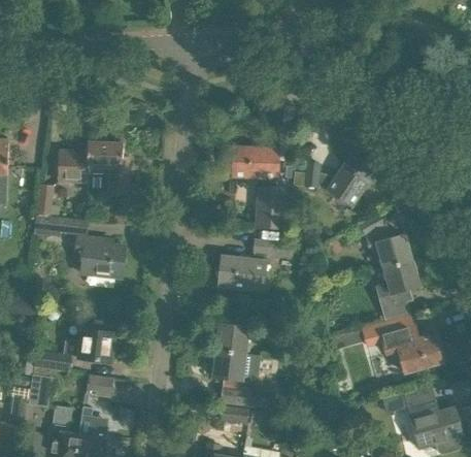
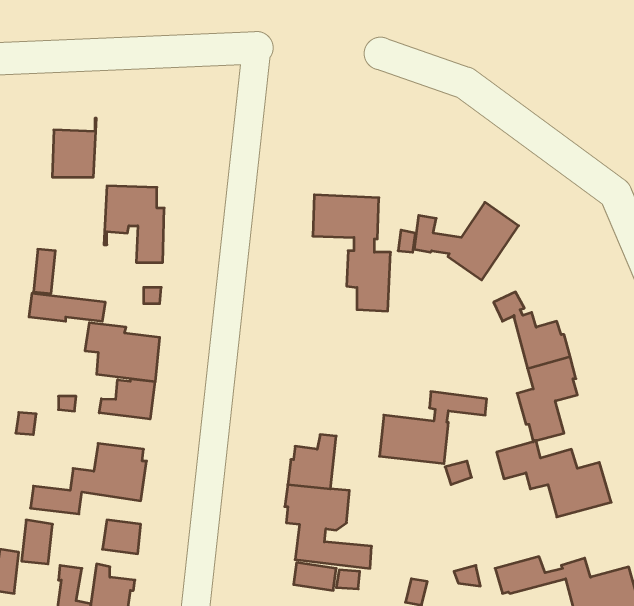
building: [58,140,89,182] -> [52,118,96,177]
building: [218,238,294,289] -> [379,392,487,464]
building: none -> [99,379,155,419]

